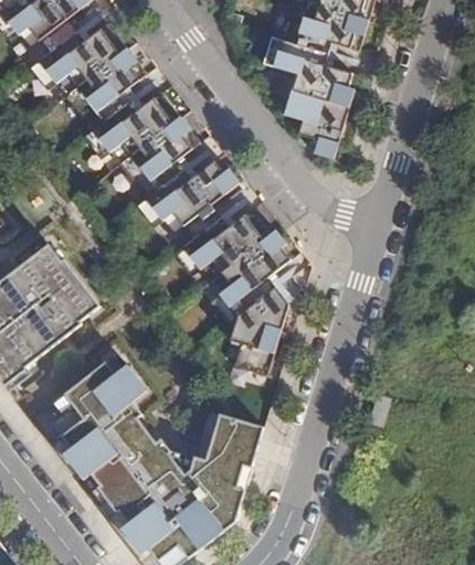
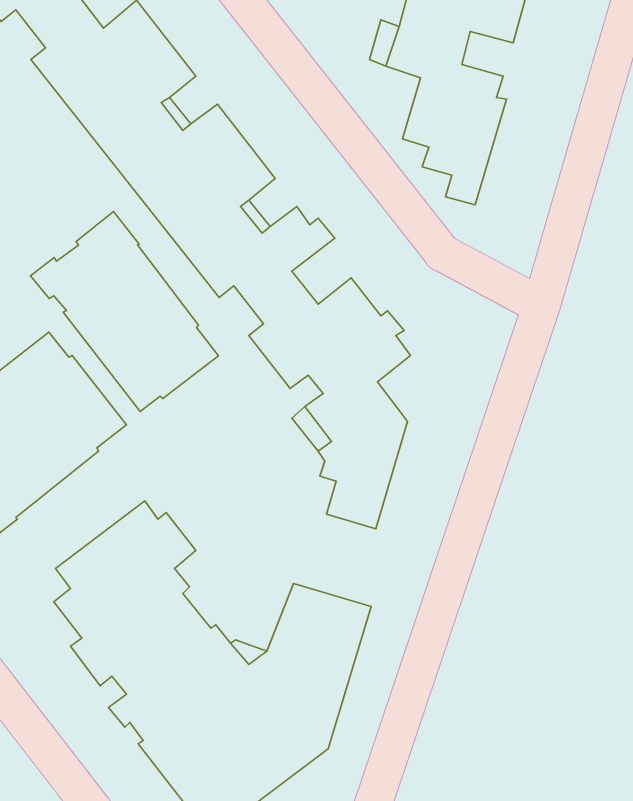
building: none -> [31,211,218,411]

